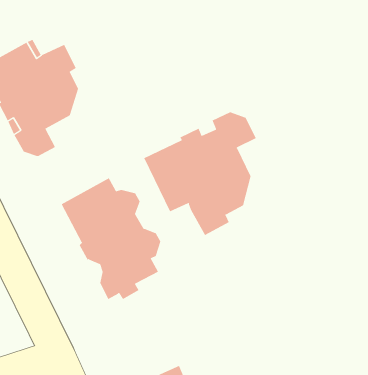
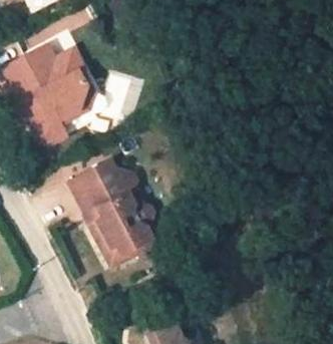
building: [143,112,257,236] -> none

